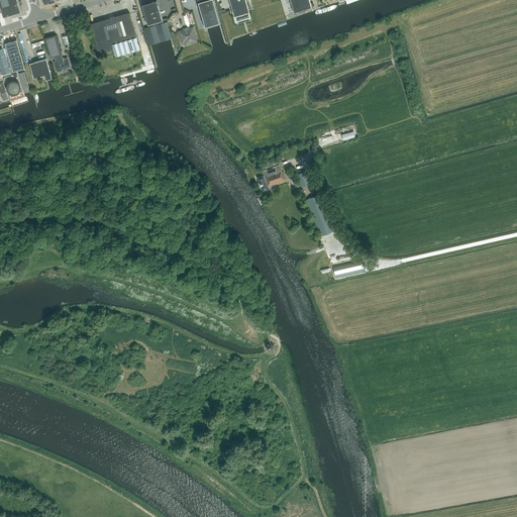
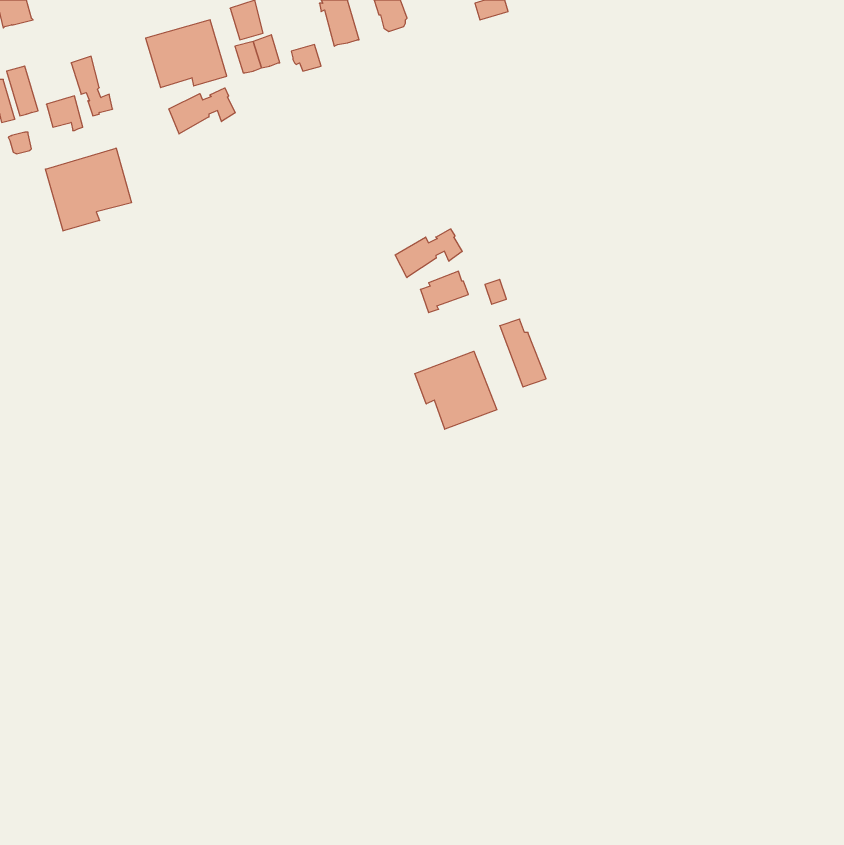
building: none -> [169,88,235,134]
building: none -> [45,148,131,231]
building: none -> [395,229,462,278]
building: none -> [415,351,497,429]

